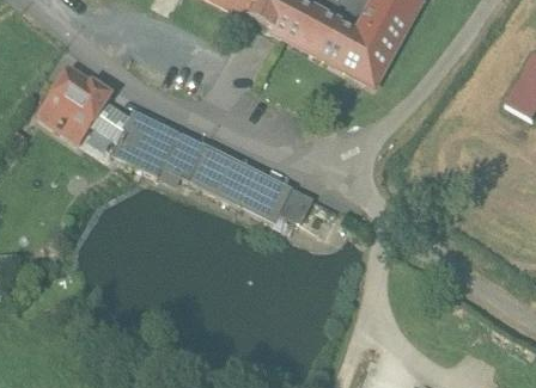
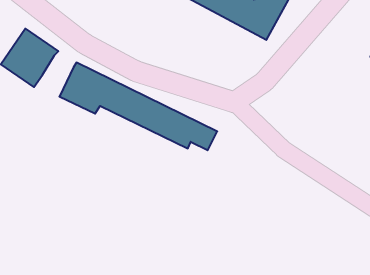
building: [90,101,129,144] -> none

